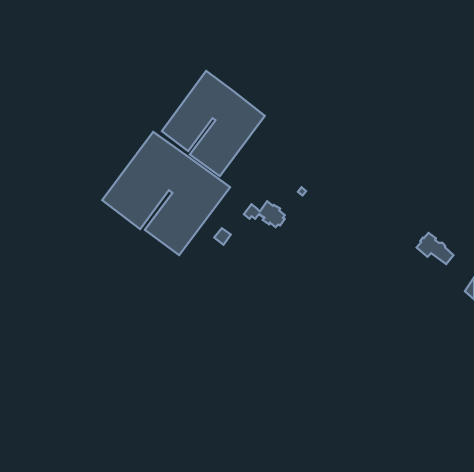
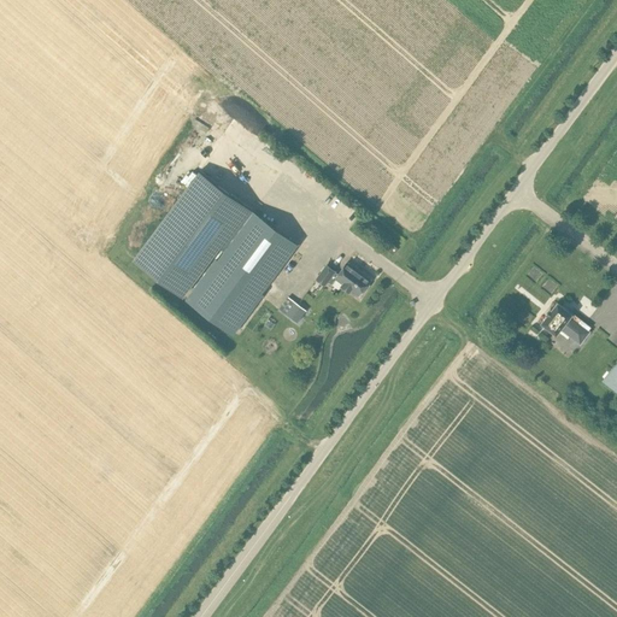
building: [162,71,265,176] -> none

